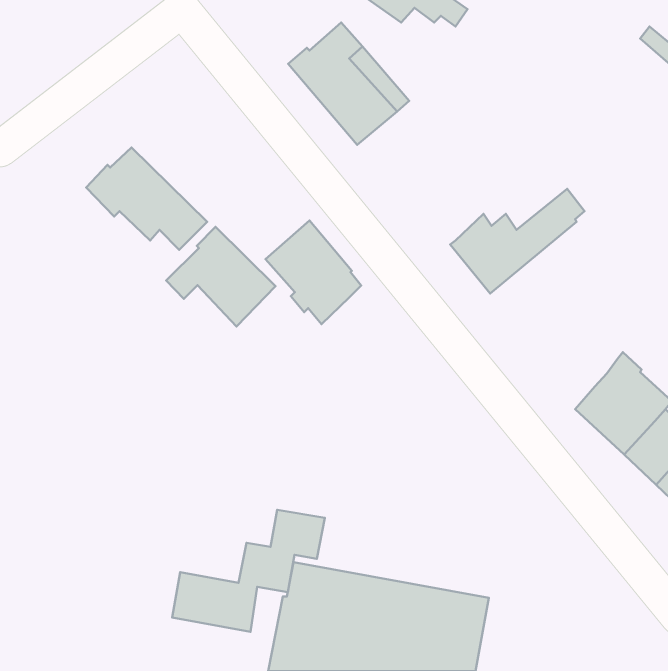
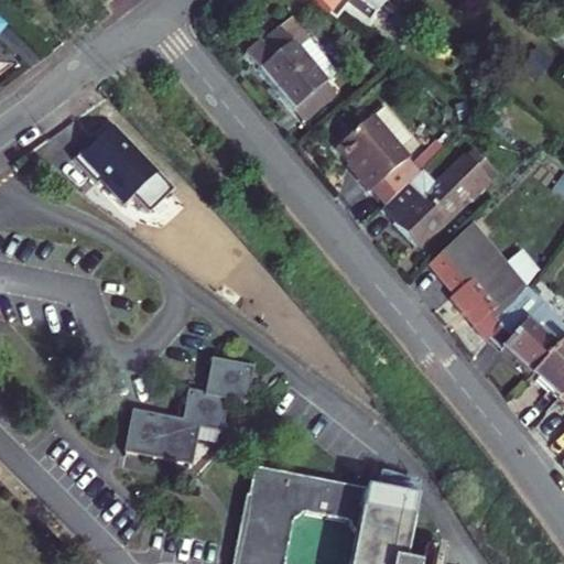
building: [266,221,361,324] -> [340,113,420,199]
building: [166,227,276,327] -> none
building: none -> [427,224,527,341]
building: [172,510,325,632] -> [127,361,253,463]

